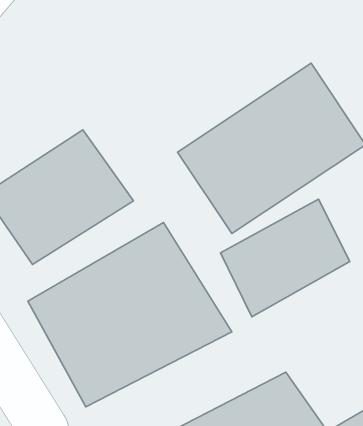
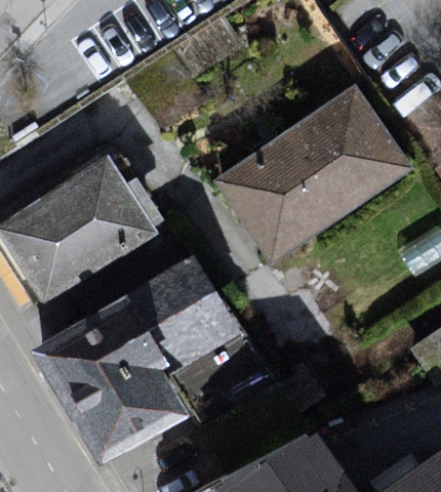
building: [221,199,350,317] -> none

